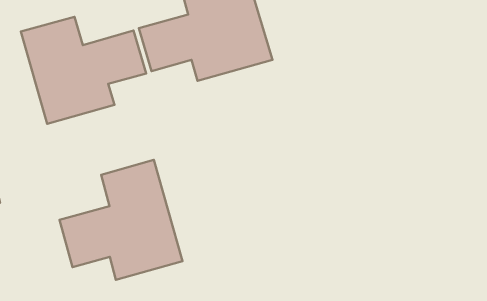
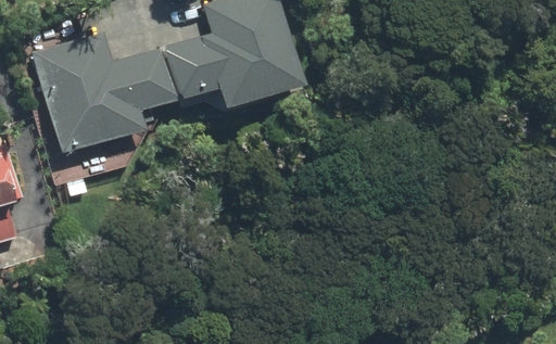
building: [60,160,182,280] -> none

